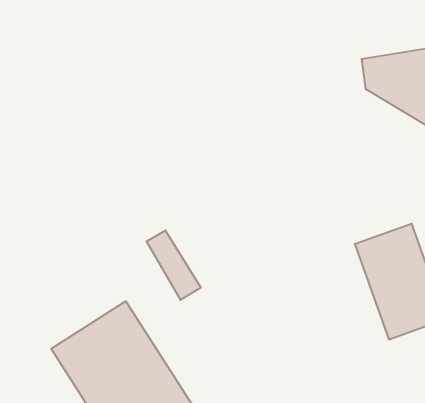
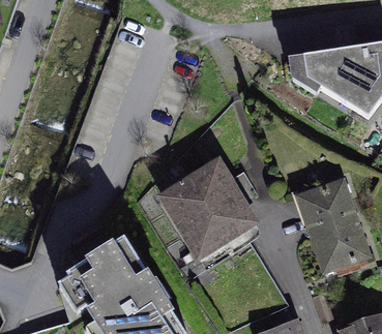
building: none -> [163,161,259,255]

